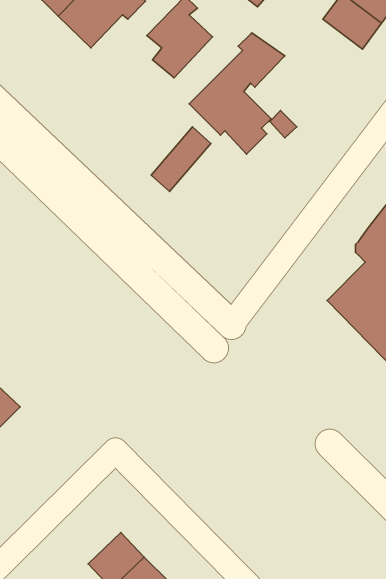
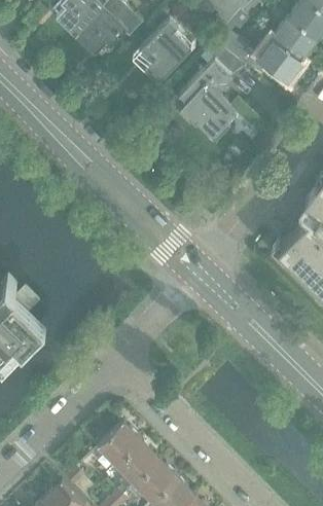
building: none -> [215,35,304,80]
building: [151,127,211,192] -> none

